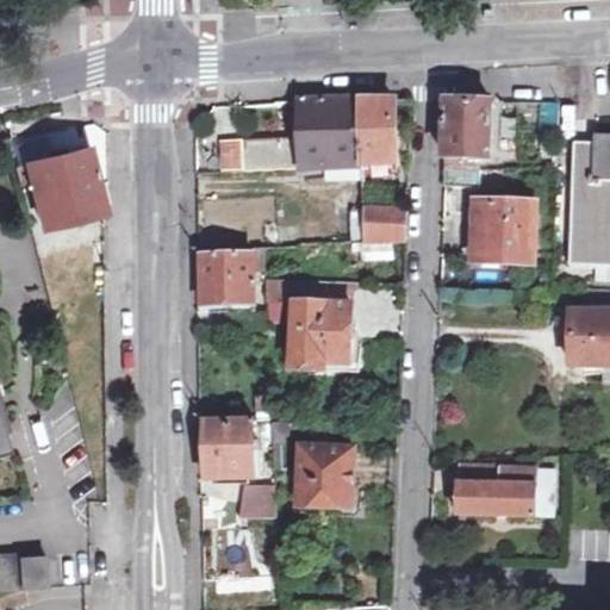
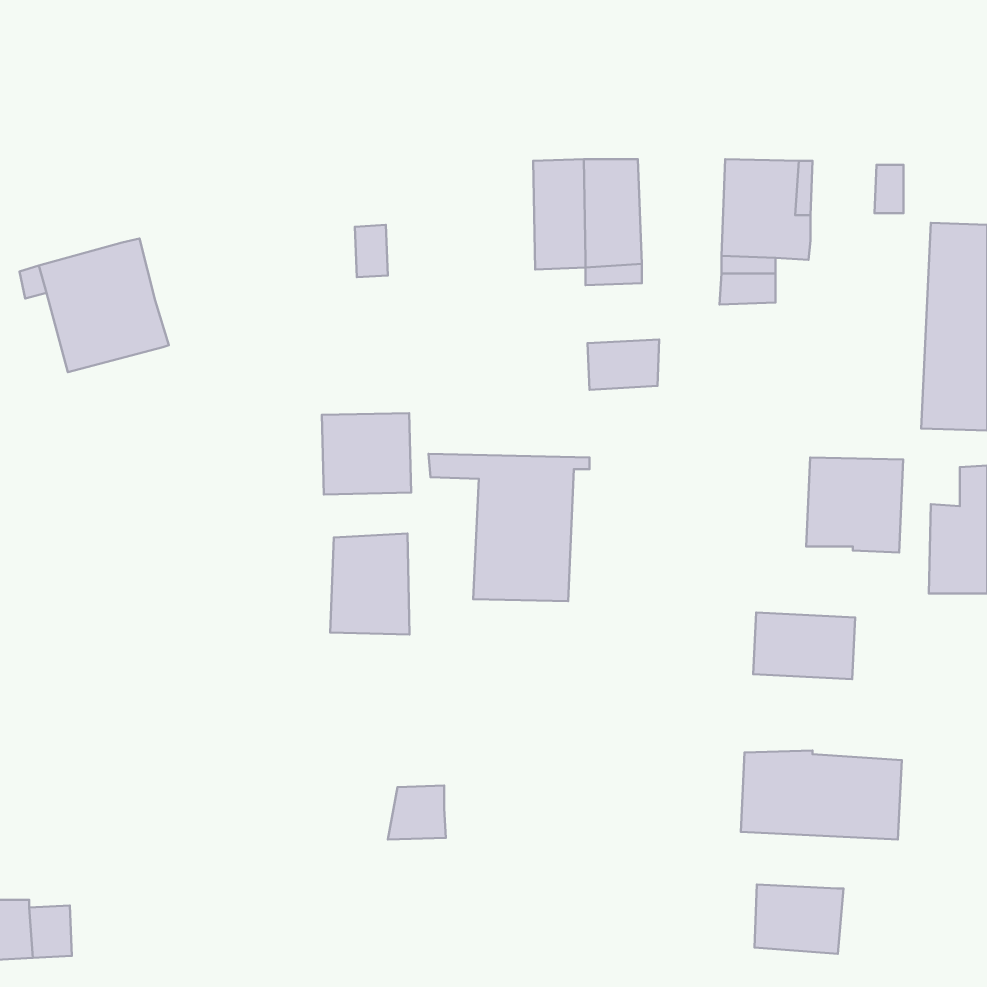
building: [242,99,329,169] -> none
building: [474,203,534,261] -> [806,457,903,552]
building: none -> [753,612,855,679]
building: [204,415,253,477] -> [330,534,410,634]
building: [295,446,353,506] -> none
building: none -> [755,884,843,954]

